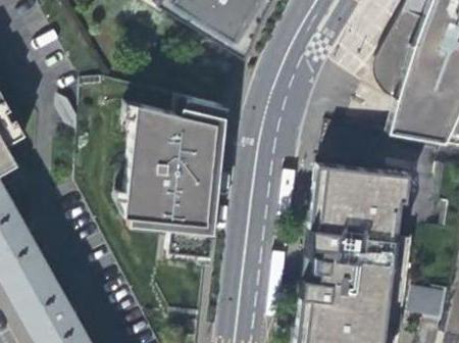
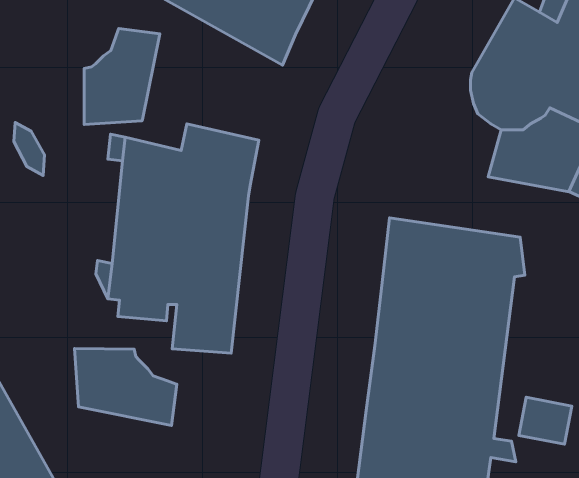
building: none -> [84,29,160,124]
building: none -> [74,349,177,425]

